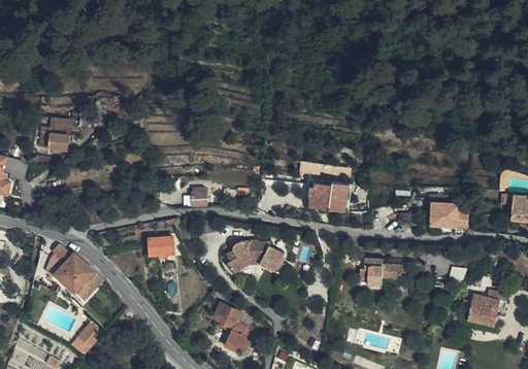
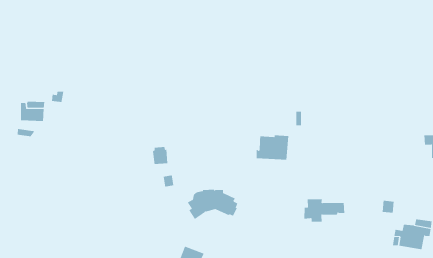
building: [429,196,468,228] -> none
building: [147,237,174,257] -> none
building: [53,244,103,300] -> none

